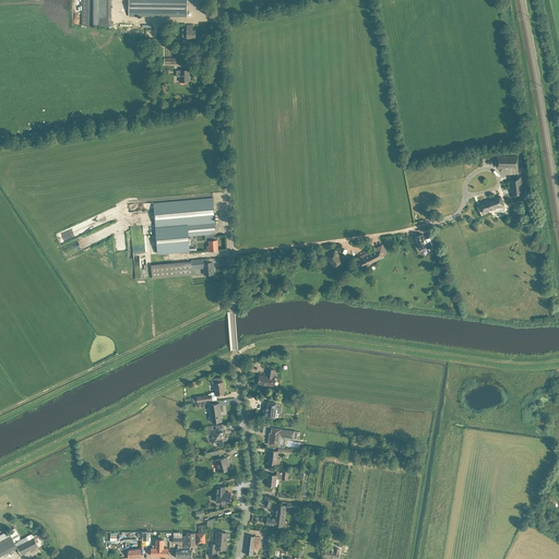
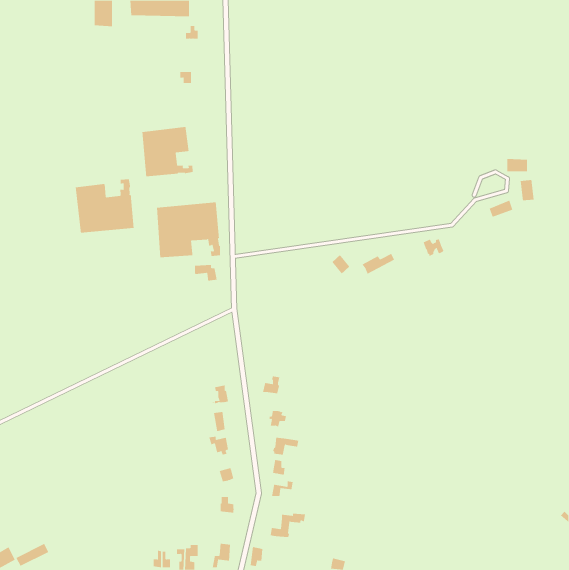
building: none -> [142,126,193,177]
building: none -> [75,179,134,233]

